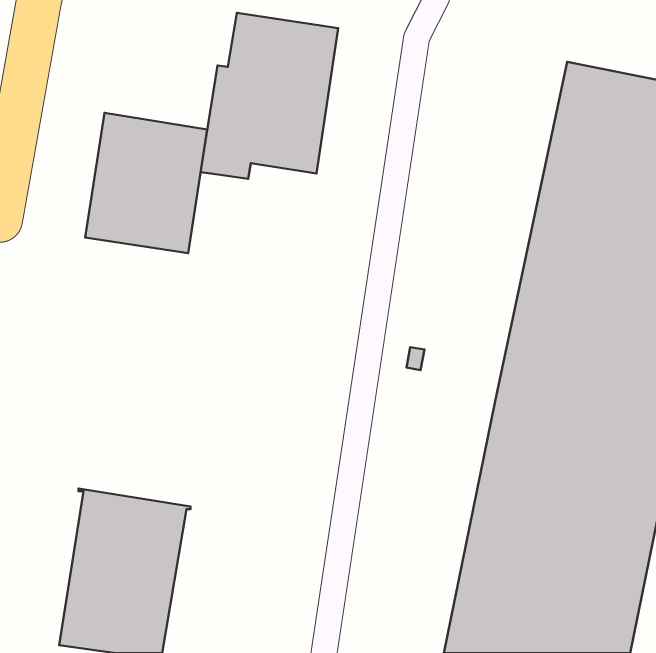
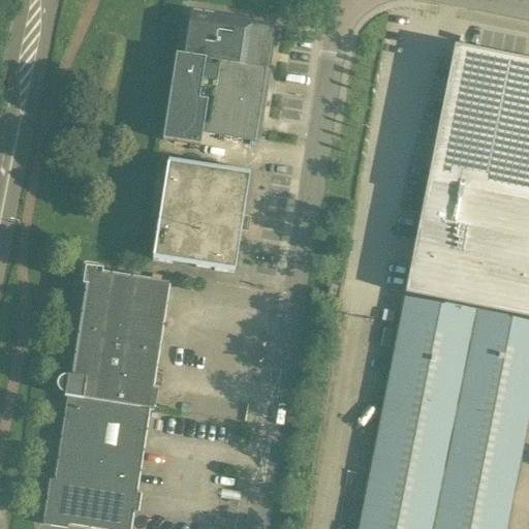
building: [85,113,207,253] -> [152,158,250,271]
building: none -> [57,261,169,407]

